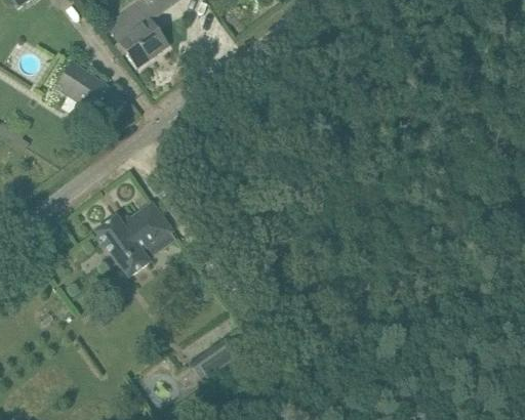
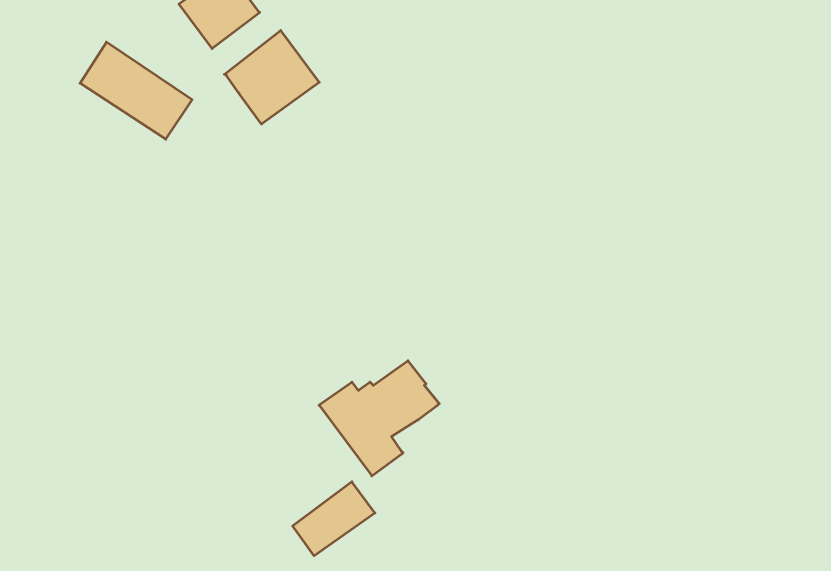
building: none -> [224,30,319,124]
building: [96,203,171,275] -> [319,361,439,476]

